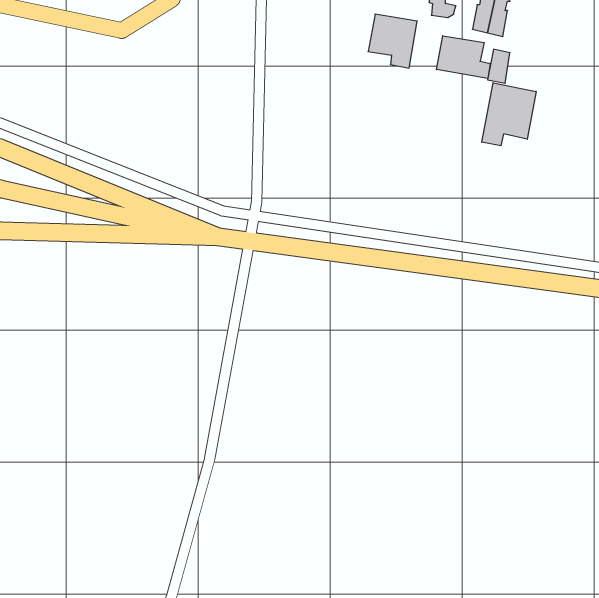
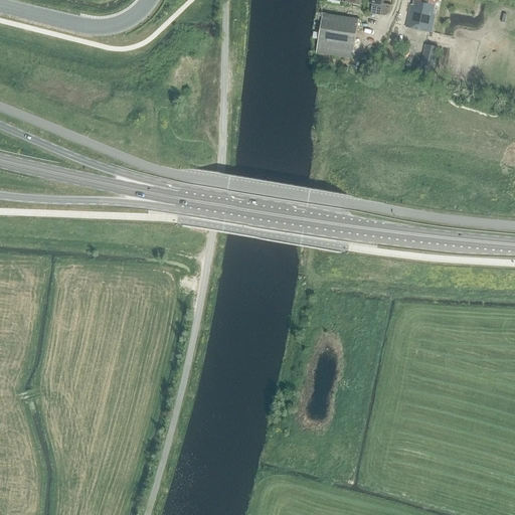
building: [437,36,490,79] -> none
building: [482,83,536,146] -> none

